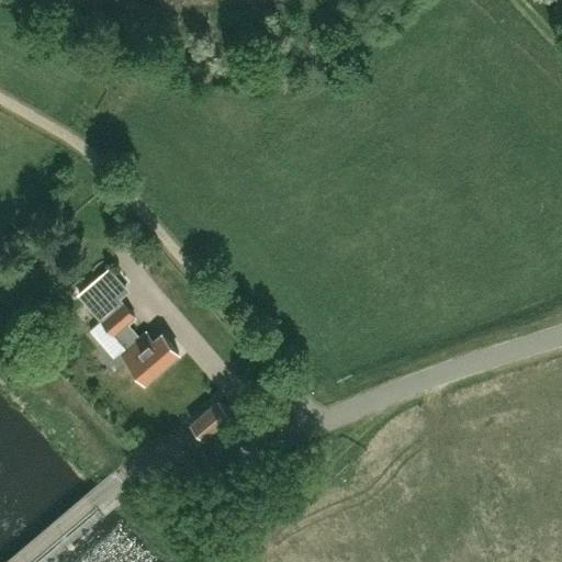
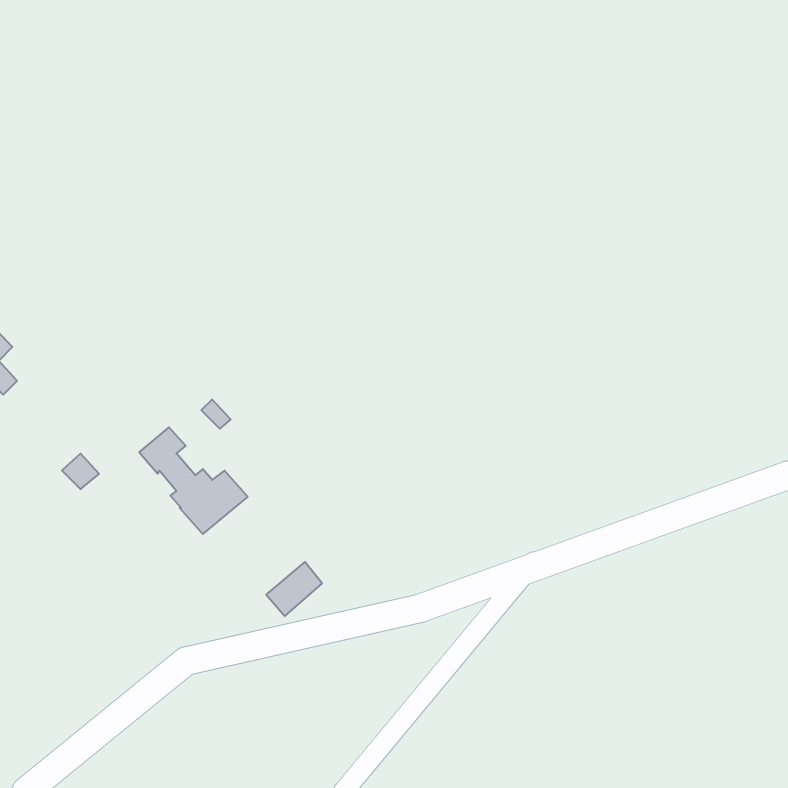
building: [79,272,122,321] -> none

